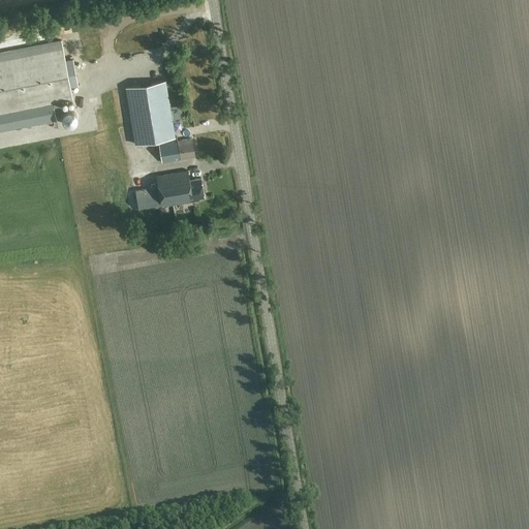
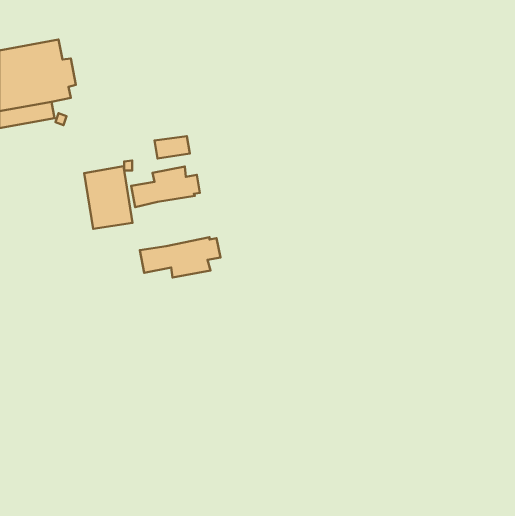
building: [125,81,175,145] -> [84,166,133,229]
building: none -> [140,237,220,277]

